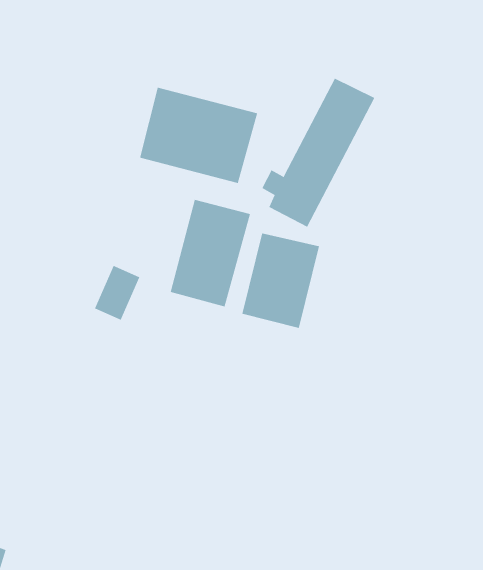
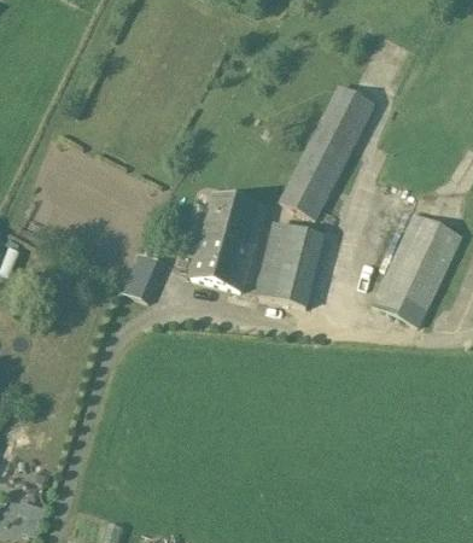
building: [140,87,258,184] -> none
building: none -> [372,211,460,323]

